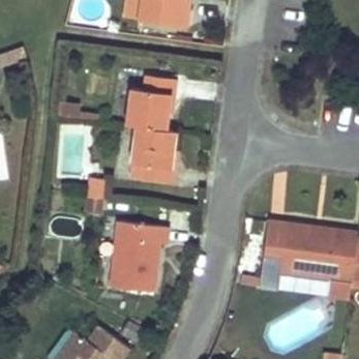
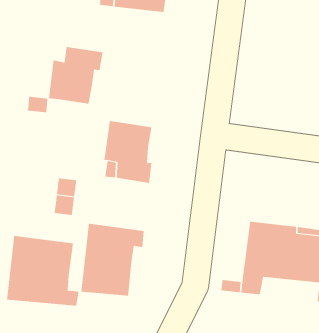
building: [126,76,178,129] -> [48,47,104,104]
building: none -> [6,235,79,307]

